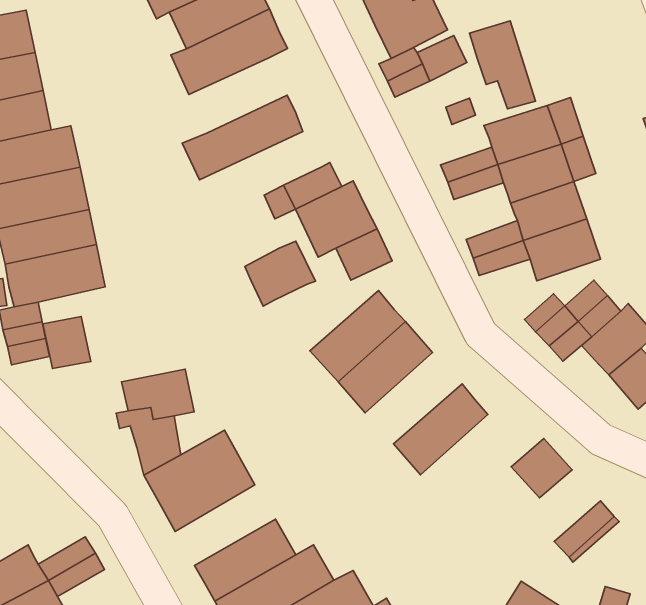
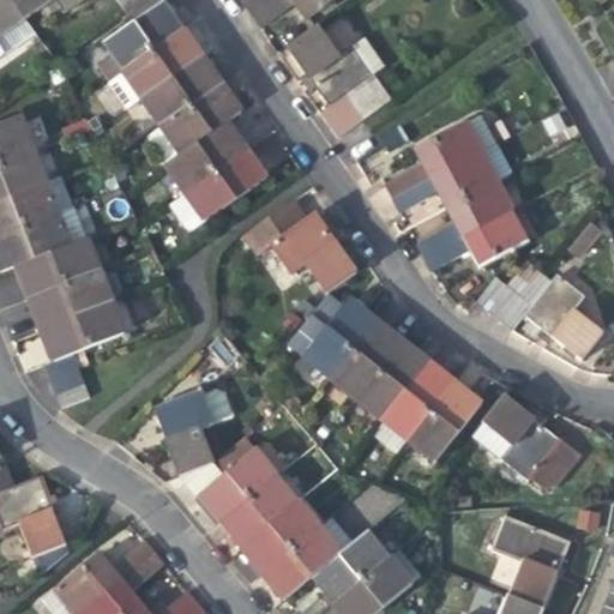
building: [469,21,536,109] -> none
building: none -> [168,121,248,191]
building: [245,241,316,306] -> none
building: [43,317,91,369] -> none
building: none -> [356,339,432,420]
building: none -> [410,383,482,460]
building: none -> [500,416,561,478]
building: none -> [217,472,297,547]

